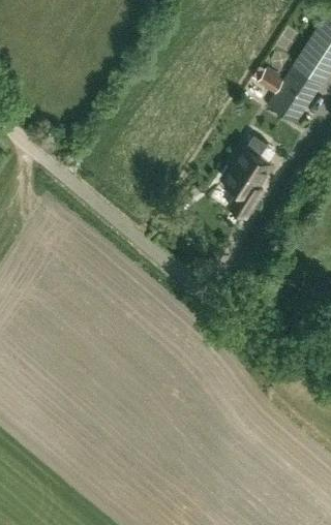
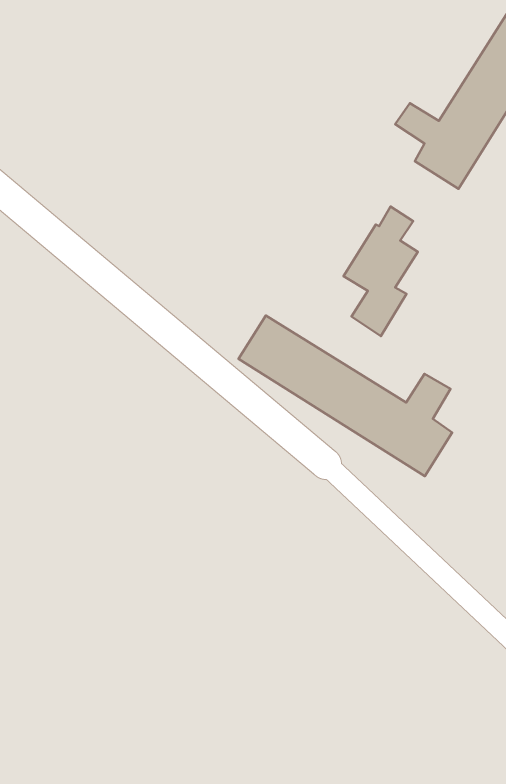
building: none -> [239,315,452,476]

